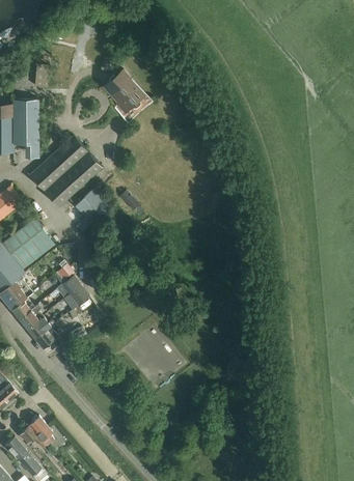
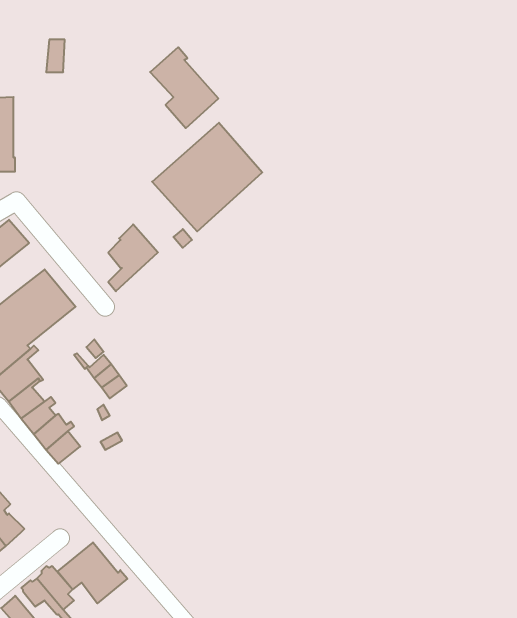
building: [12,100,38,144] -> none
building: [28,135,102,207] -> [152,123,262,231]
building: none -> [57,542,127,603]

